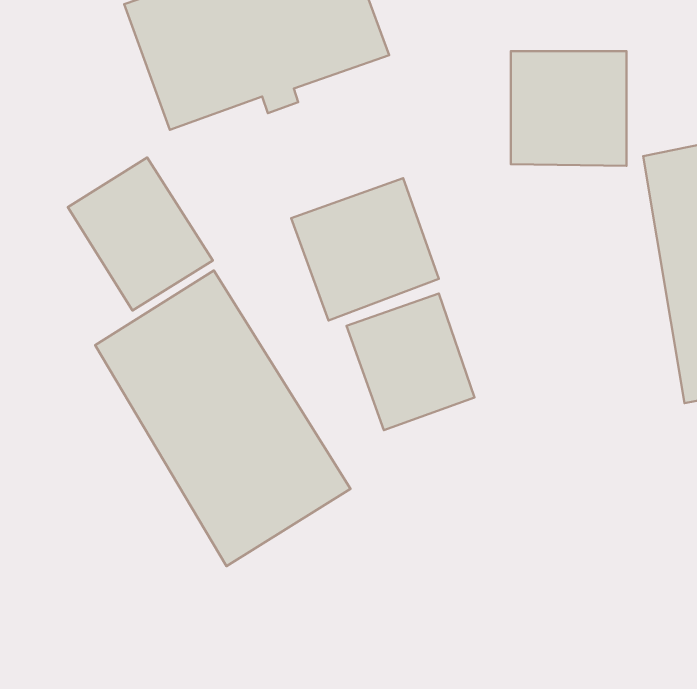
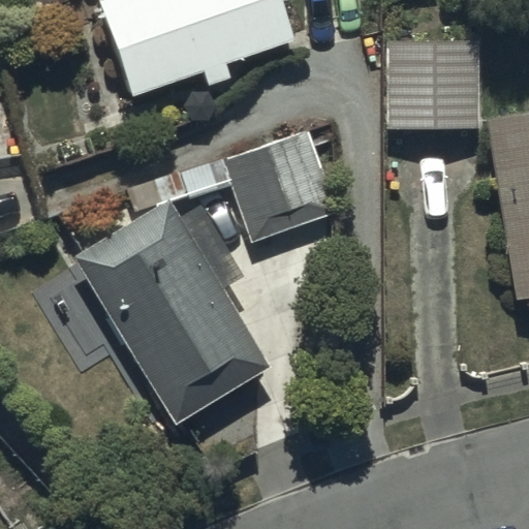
building: [68,157,213,311] -> none
building: [346,293,475,430] -> none

